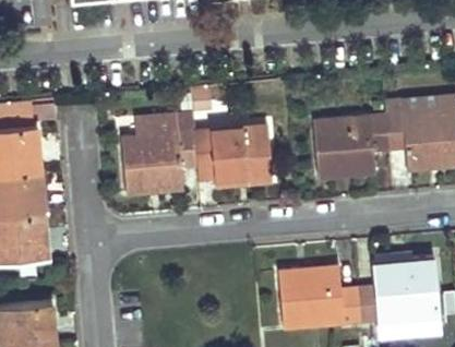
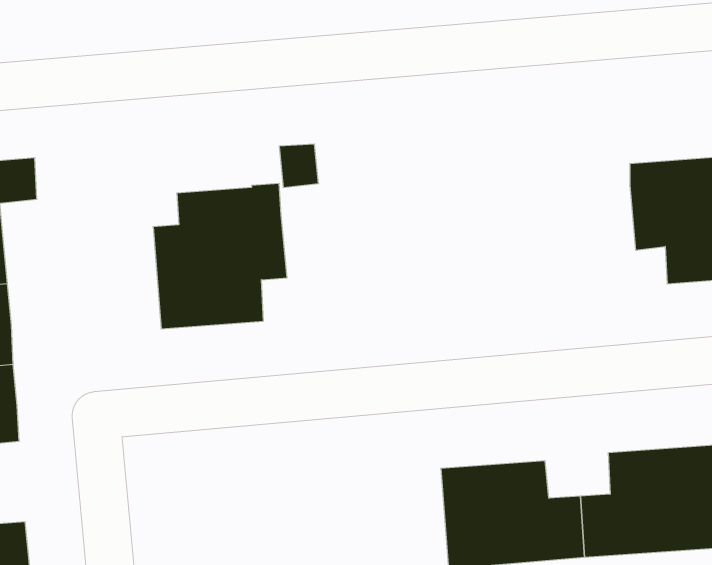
building: [314,115,388,177] -> none
building: [192,124,272,187] -> none

